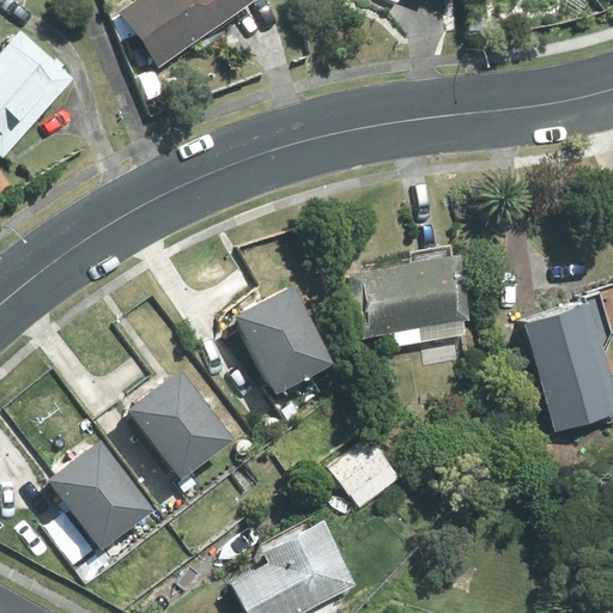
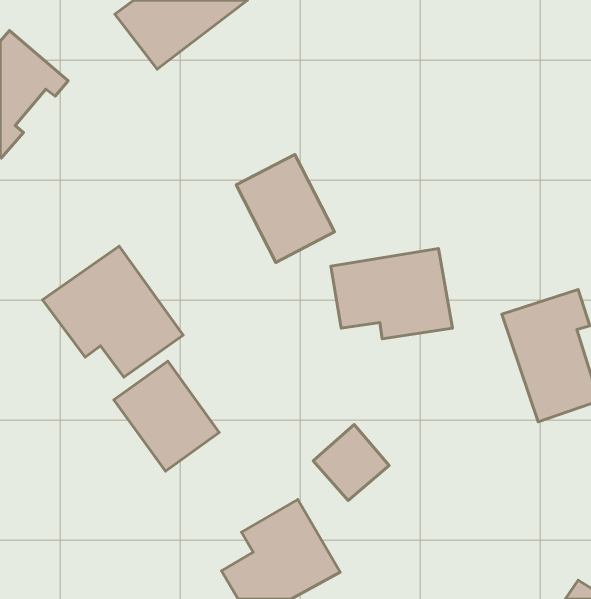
building: none -> [43,246,183,377]
building: [232,284,333,394] -> [236,155,335,262]
building: [45,439,150,548] -> none

